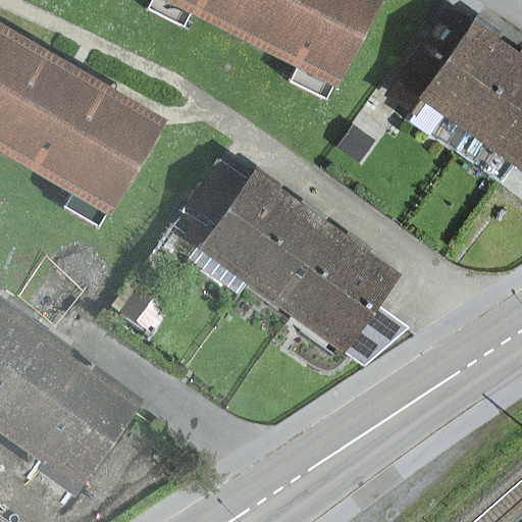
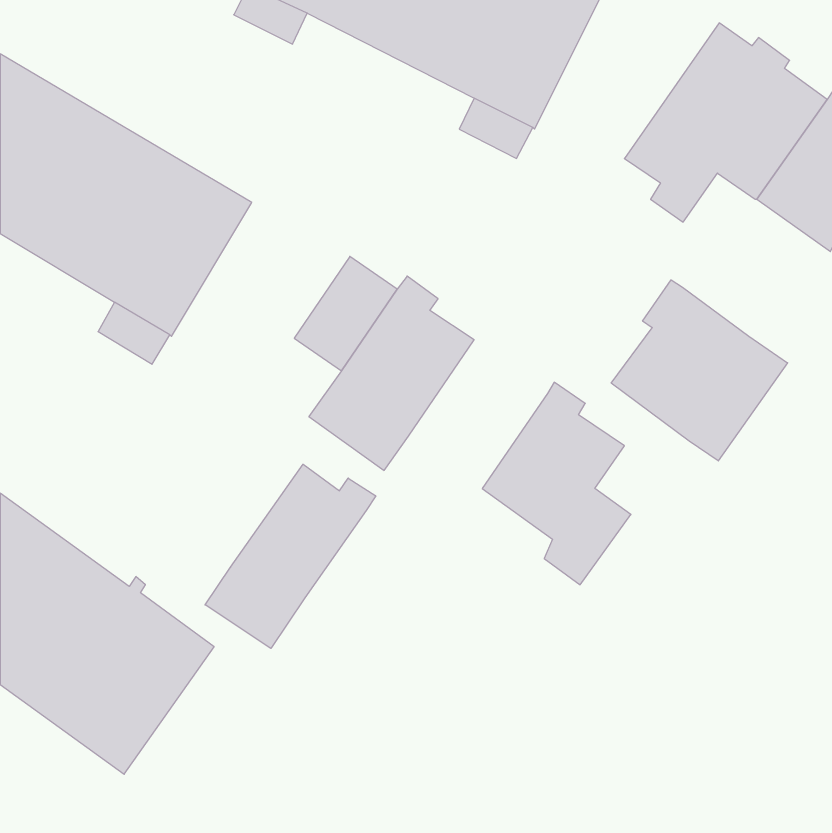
building: none -> [611,280,788,461]
building: [257,206,344,305] -> none
building: none -> [205,464,376,648]

